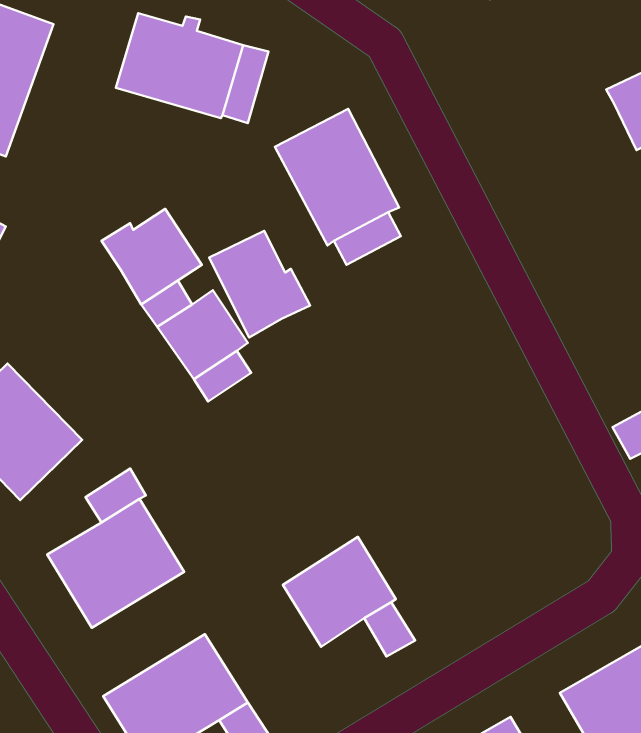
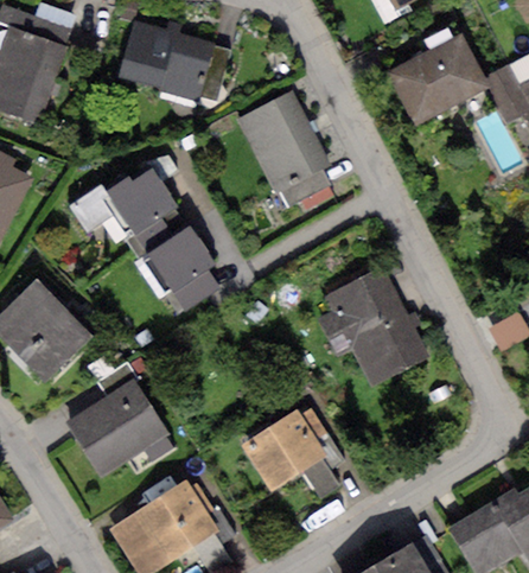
building: none -> [390,36,489,123]
building: [209,231,310,337] -> none
building: none -> [69,183,121,233]
building: none -> [320,268,429,390]

